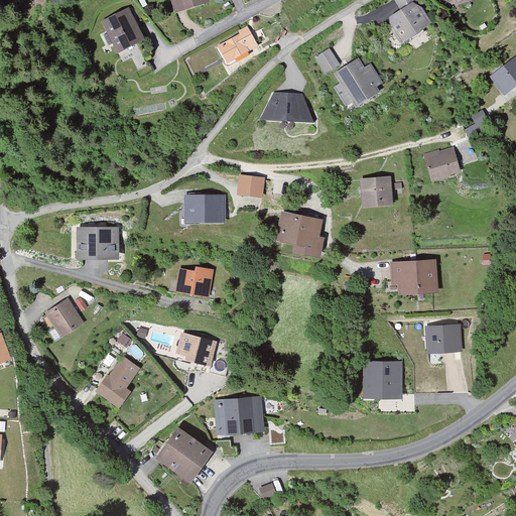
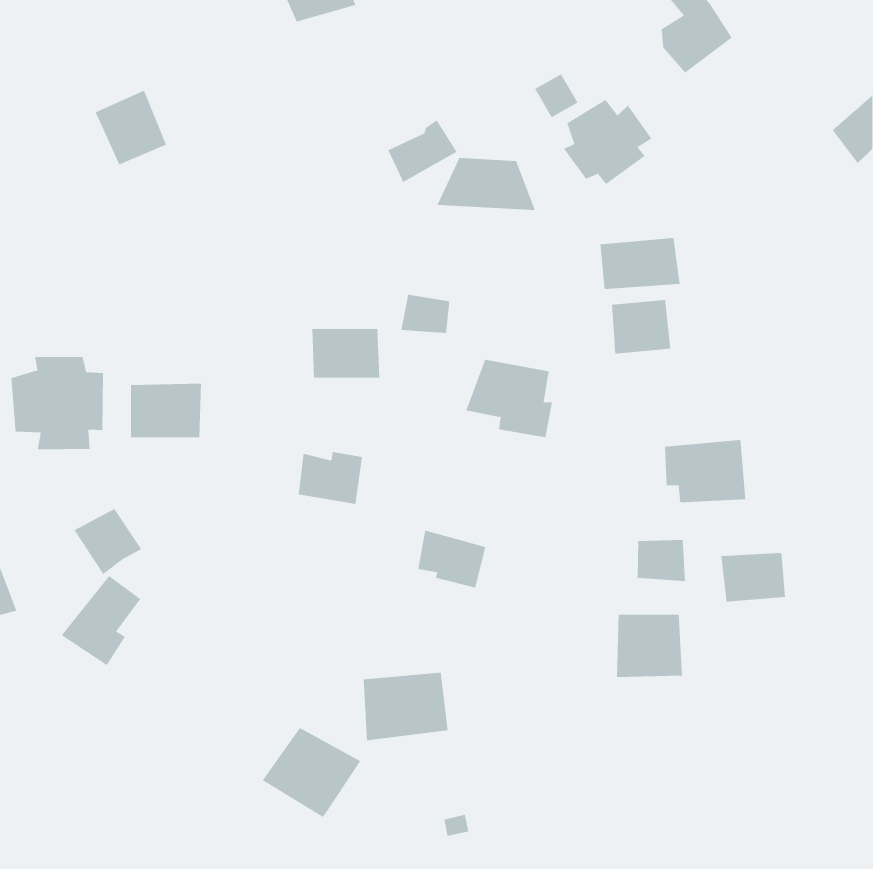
building: [99,7,141,51] -> [95,90,167,165]
building: [217,26,258,63] -> [387,119,458,183]
building: none -> [600,237,680,290]
building: [422,146,461,183] -> none
building: none -> [11,356,104,450]
building: none -> [637,539,685,582]
building: [176,332,217,366] -> [418,530,486,588]
building: [93,356,140,409] -> [61,575,141,666]

